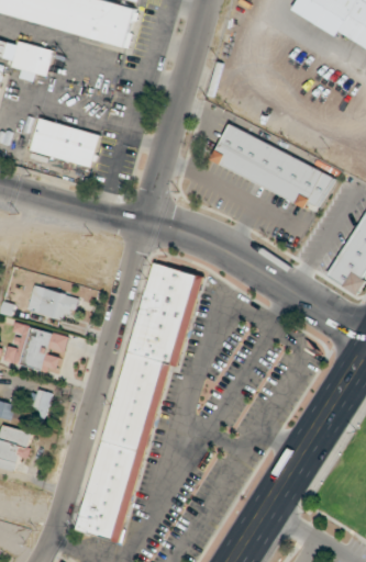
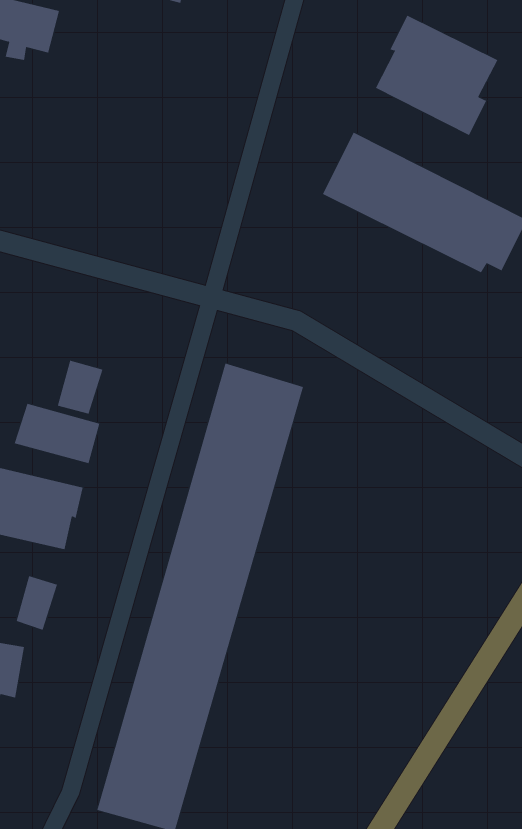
building: none -> [375,15,498,136]
building: [29,116,99,168] -> none
building: none -> [57,360,103,414]

